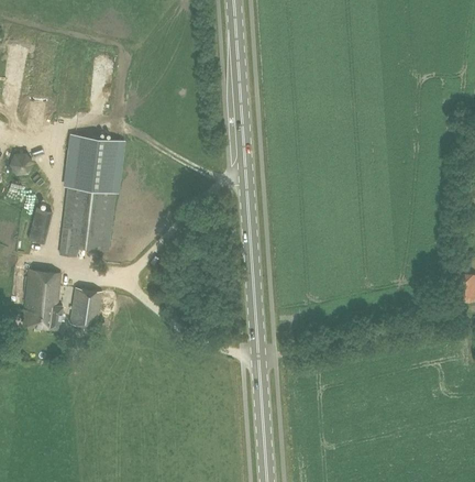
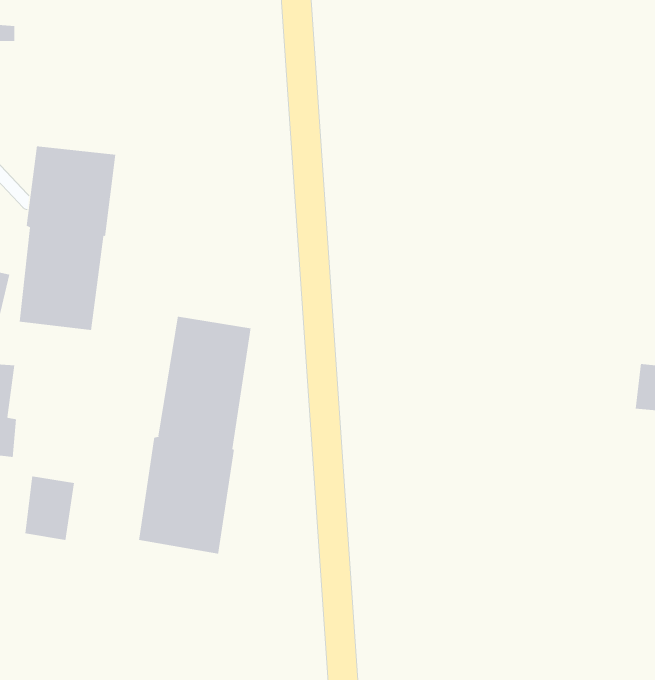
building: none -> [139,316,251,554]
building: [69,287,101,328] -> [24,476,75,540]

